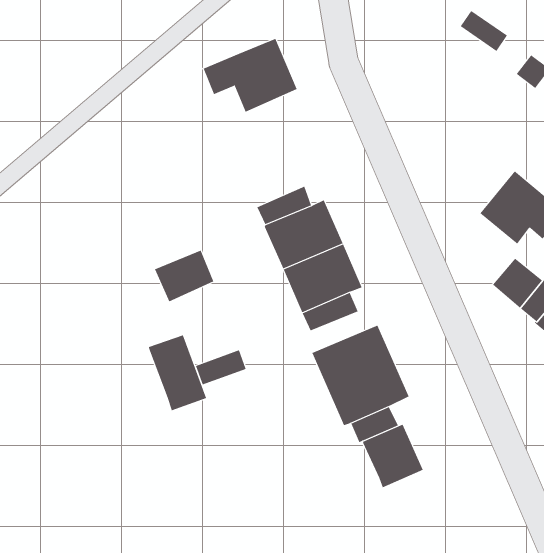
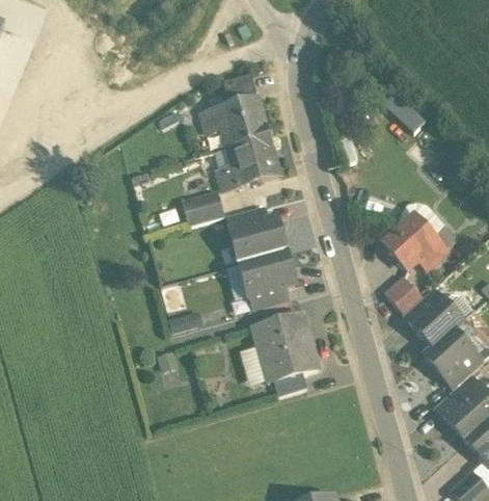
building: none -> [222,74,257,105]
building: none -> [217,136,279,190]
building: [154,250,214,302] -> [183,192,224,227]
building: [149,334,207,411] -> none
building: [363,424,424,488] -> none

